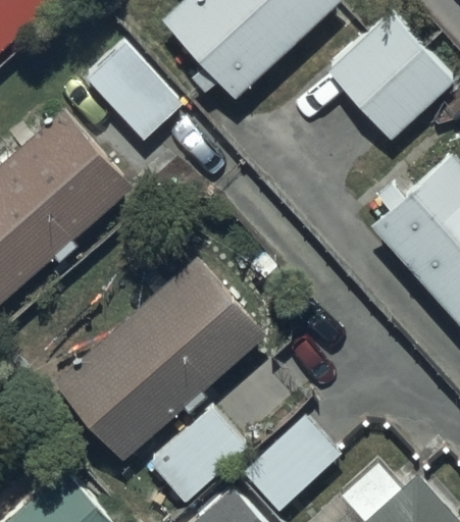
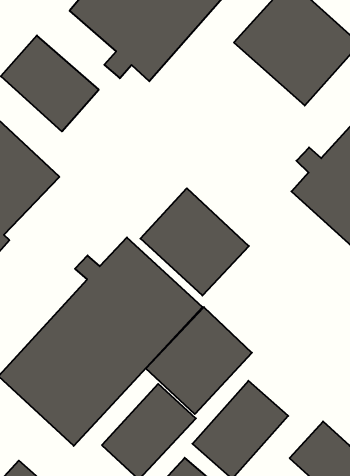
building: none -> [140,188,249,296]
building: none -> [146,307,252,414]

